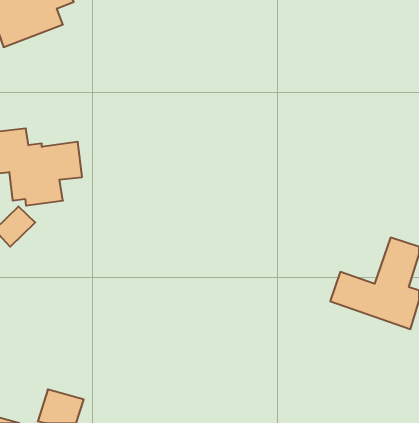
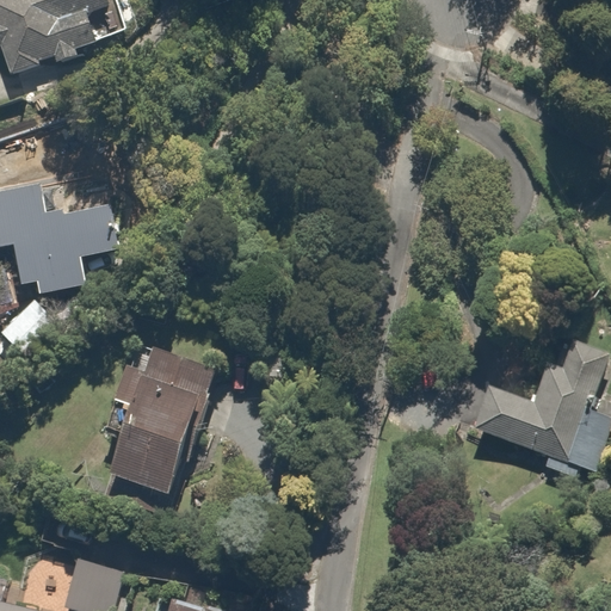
building: none -> [107,353,224,500]

